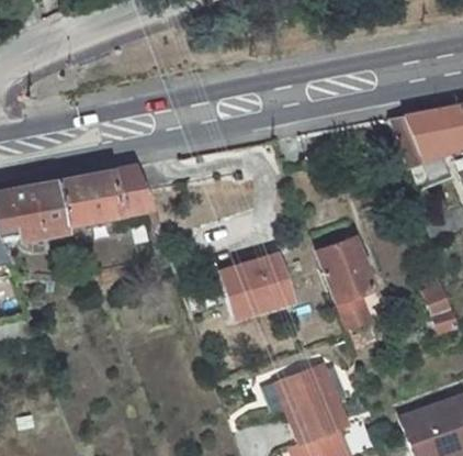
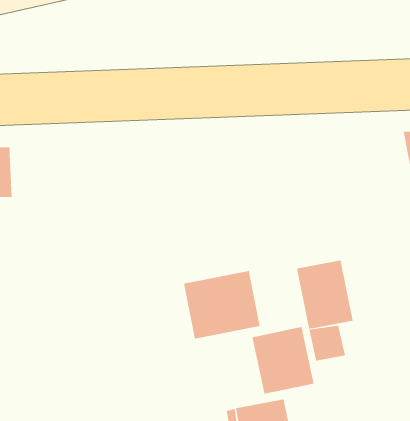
building: [57,166,150,223] -> none
building: none -> [252,326,314,395]

